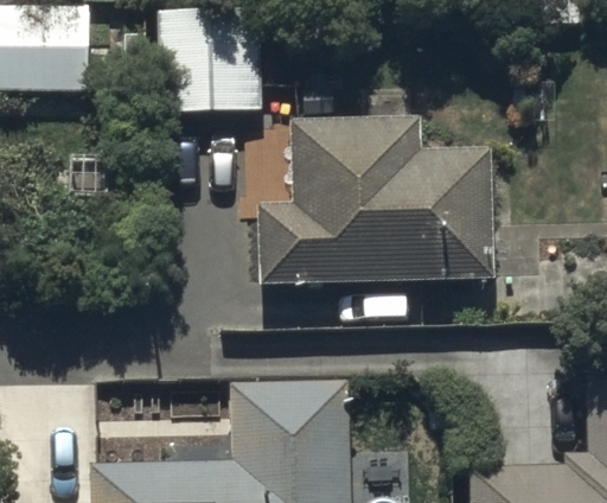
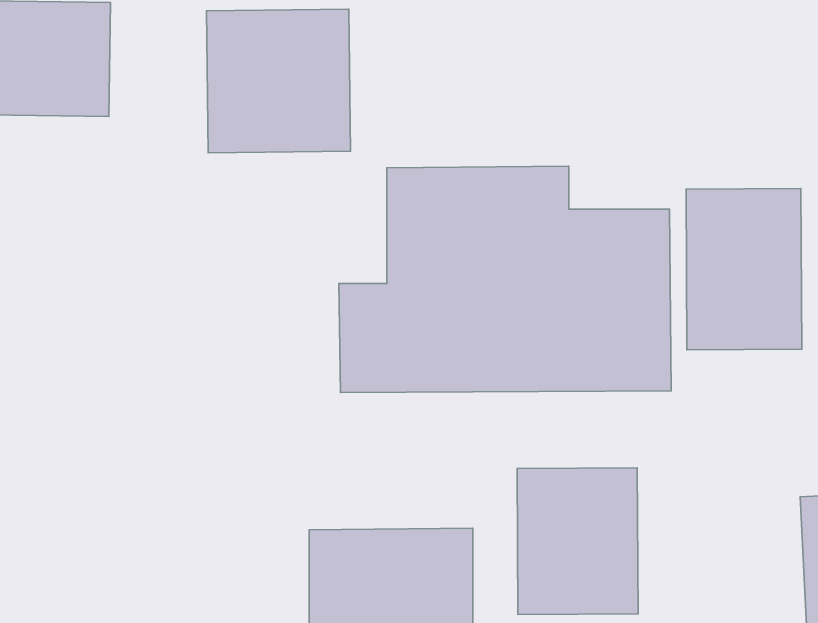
building: none -> [686,189,802,350]
building: none -> [517,468,638,615]

